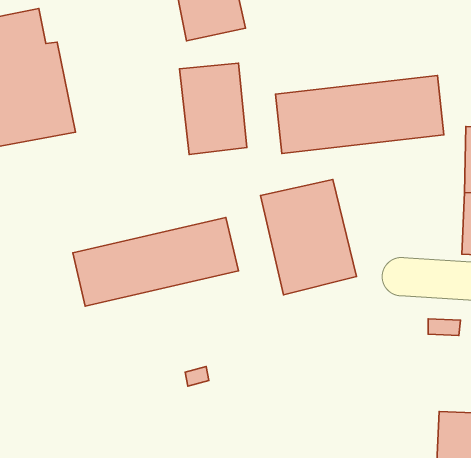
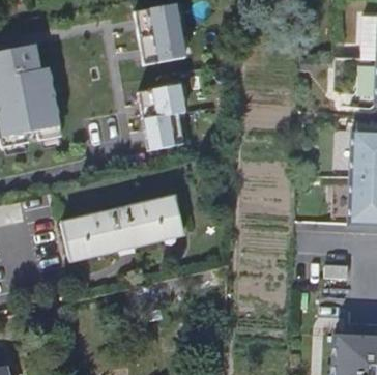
building: [275,76,444,153] -> none
building: [261,180,357,295] -> none

